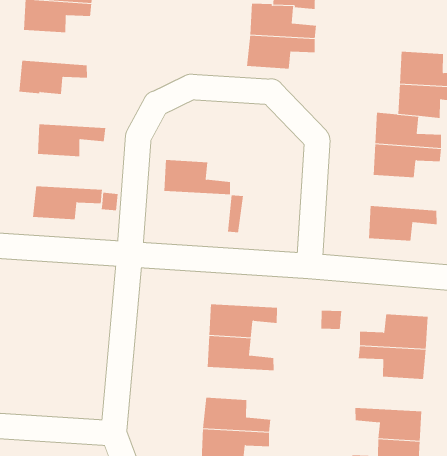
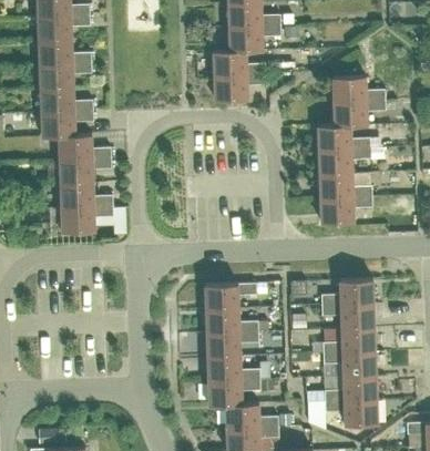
building: none -> [40,88,92,112]
building: none -> [58,134,111,160]
building: [163,159,231,195] -> [60,182,113,207]
building: none -> [319,173,371,197]
building: none -> [206,331,258,357]
building: none -> [322,327,375,353]

